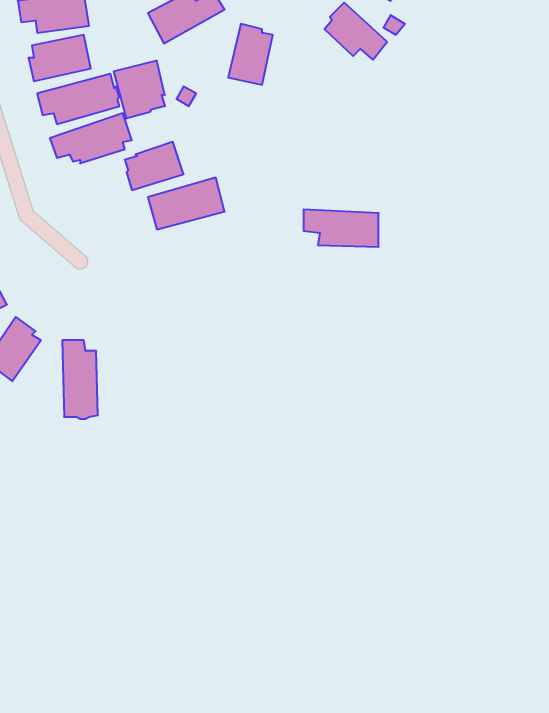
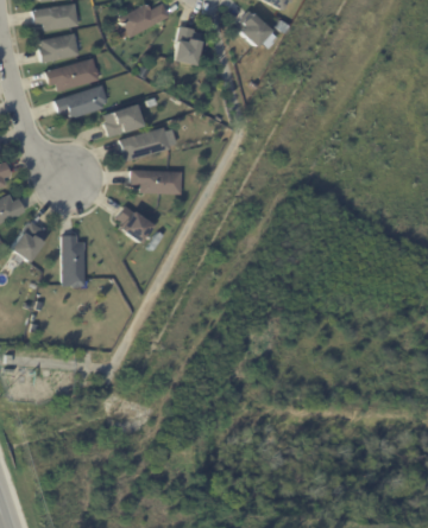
building: [114,60,165,119] -> none
building: [304,209,379,247] -> [132,170,182,195]
building: none -> [117,205,152,243]

